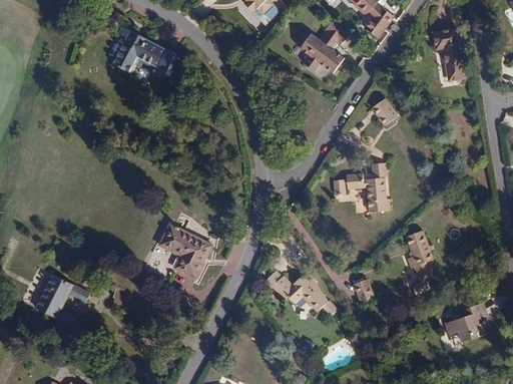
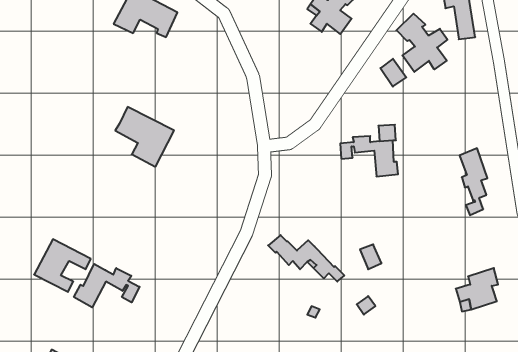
building: none -> [396,14,447,72]
building: [156,221,213,279] -> [115,107,174,167]
building: [405,229,432,294] -> [460,148,487,215]
building: none -> [74,264,140,307]

